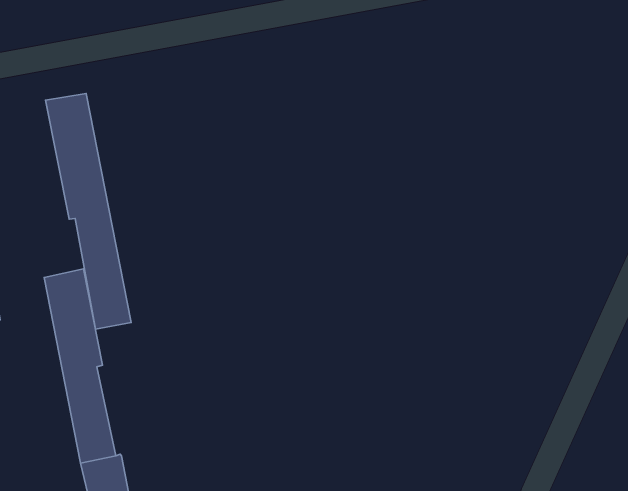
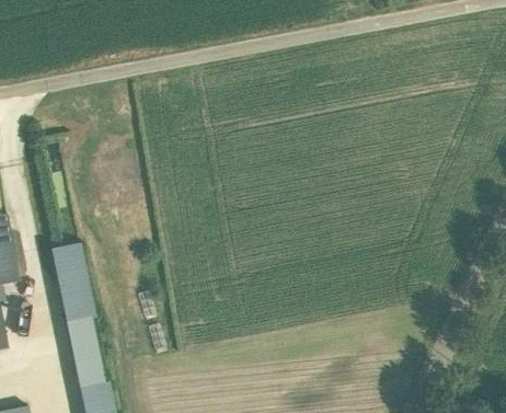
building: [46,93,131,329] -> none

